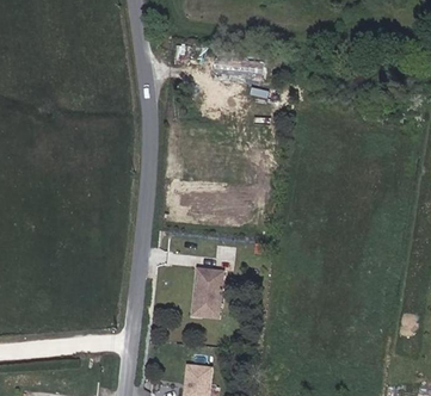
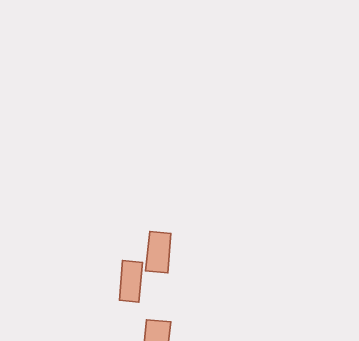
building: none -> [119,260,143,302]

